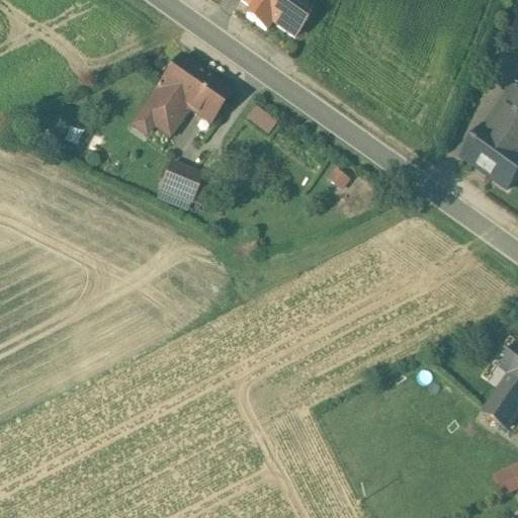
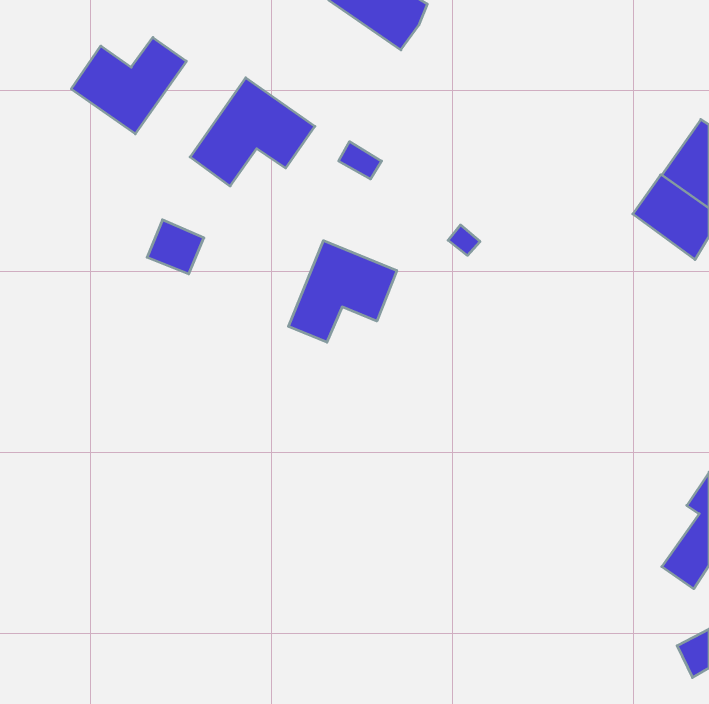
building: none -> [71,37,186,134]
building: [159,162,200,201] -> [147,220,204,274]
building: none -> [288,241,397,342]

